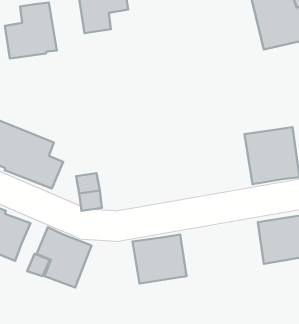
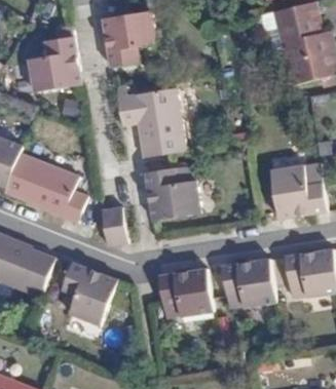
building: none -> [115,82,185,157]
building: none -> [145,165,199,219]
building: none -> [222,259,276,308]

